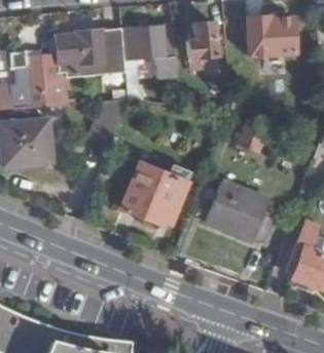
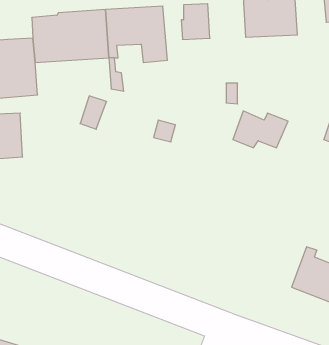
building: [119,163,185,225] -> none
building: [207,183,276,245] -> none

